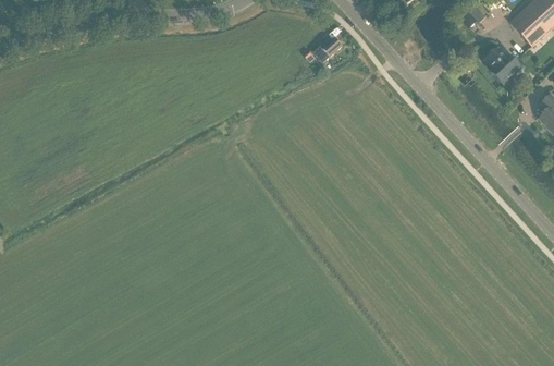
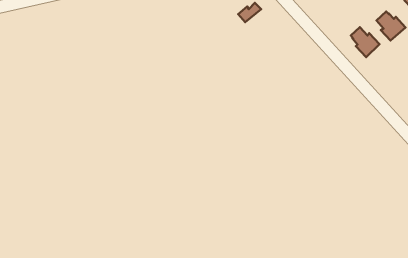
building: none -> [351,27,380,57]

